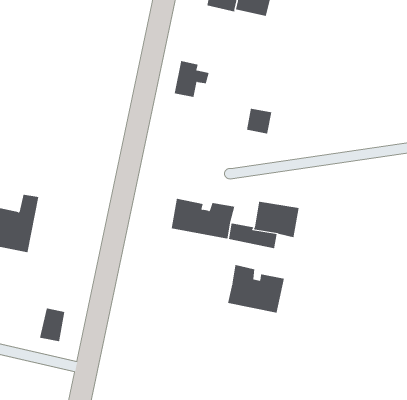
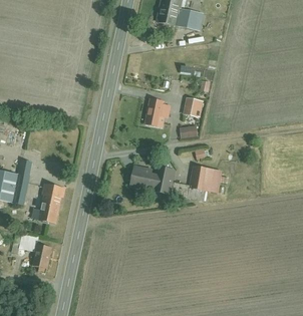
building: [174,61,209,97] -> [145,99,172,126]
building: none -> [36,183,64,222]
building: [228,264,285,314] -> none

